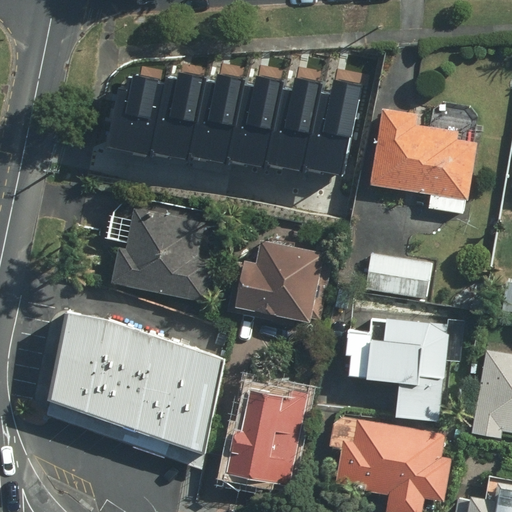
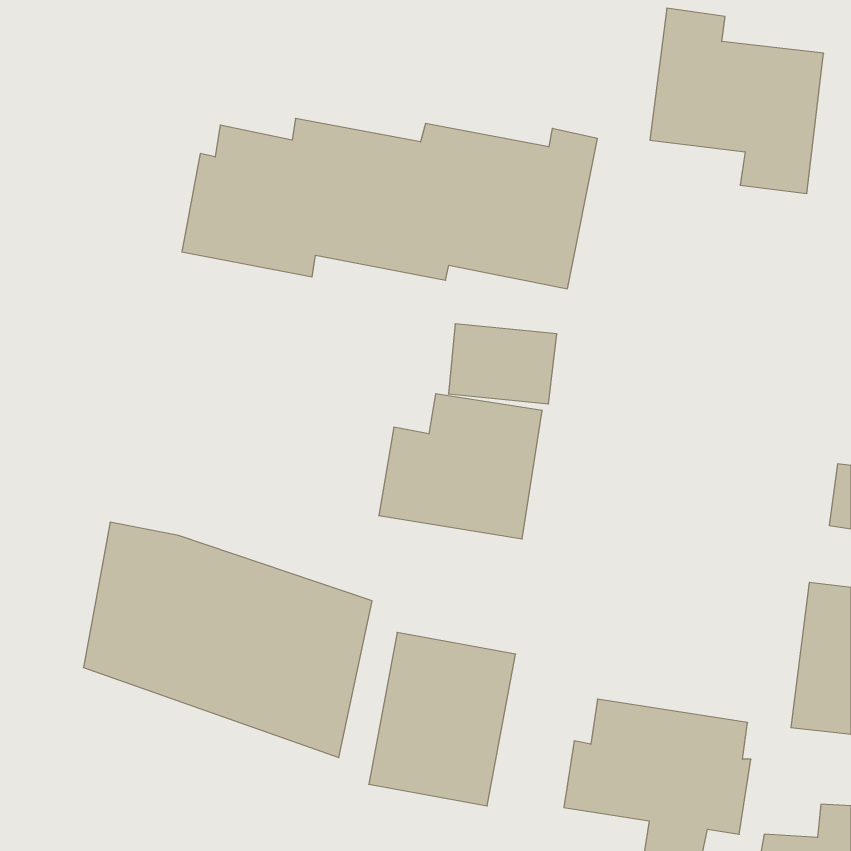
building: [371,105,475,216] -> [650,8,824,193]
building: [112,214,215,301] -> none
building: [366,252,431,300] -> [448,324,557,404]
building: [344,319,467,419] -> none

